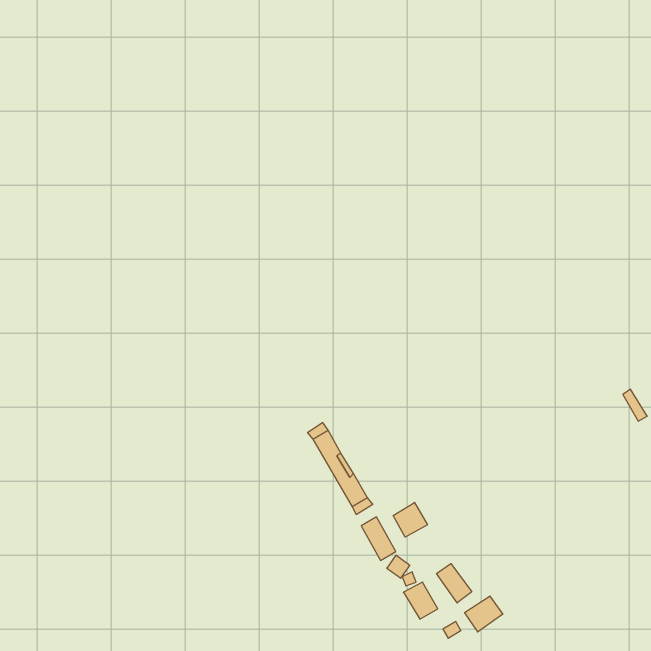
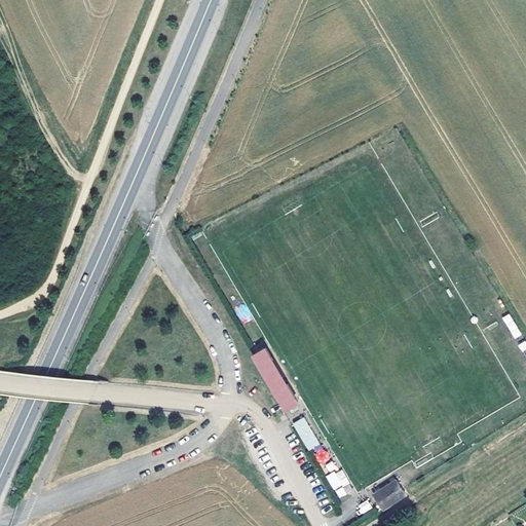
building: [393,502,427,537] -> none
building: [437,564,472,603] -> none

